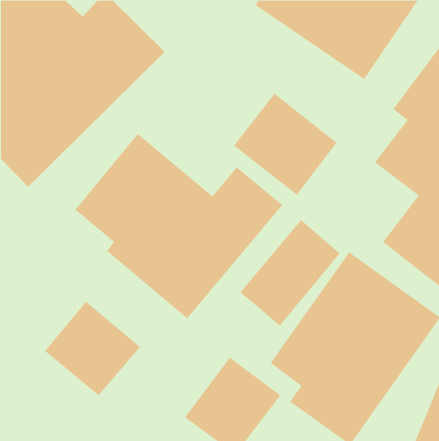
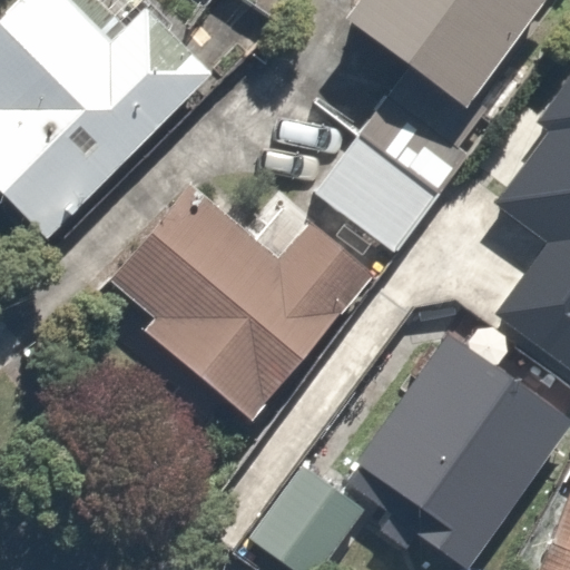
building: [239,219,341,326] -> none
building: [44,301,141,396] -> none

